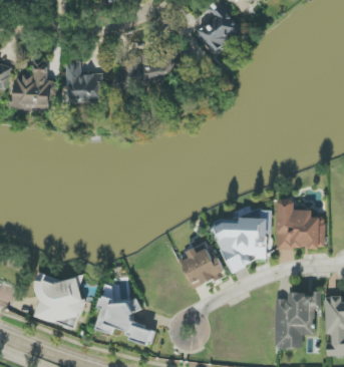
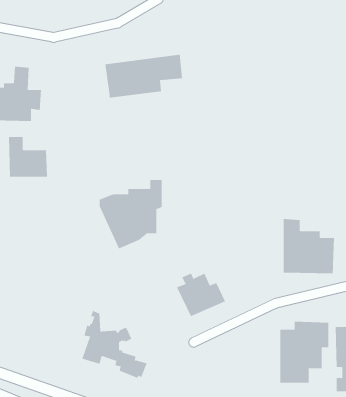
building: [195,10,241,55] -> none
building: [66,63,102,100] -> [8,136,48,177]
building: [213,211,271,274] -> [99,180,163,249]
building: [33,271,85,322] -> none

